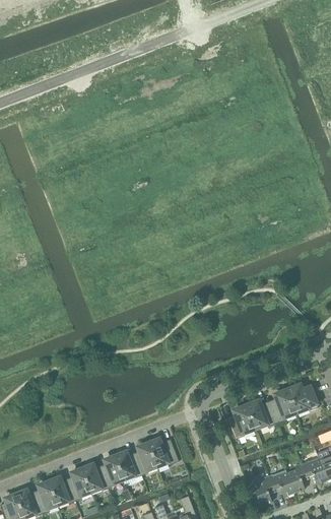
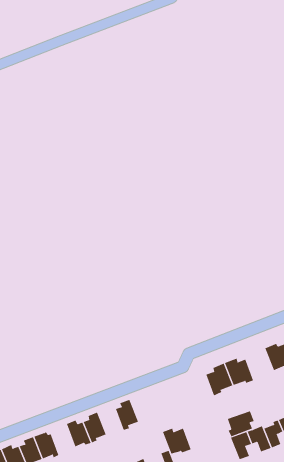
building: [269,388,297,421] -> none
building: [149,437,180,464] -> [162,428,191,454]
building: [116,450,142,477] -> none
building: none -> [227,410,255,437]
building: [68,466,92,499] -> none

